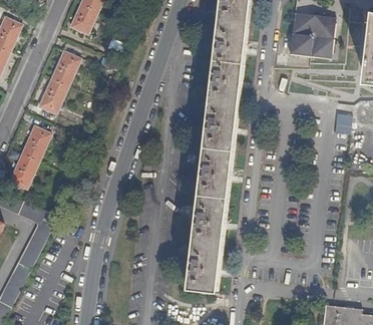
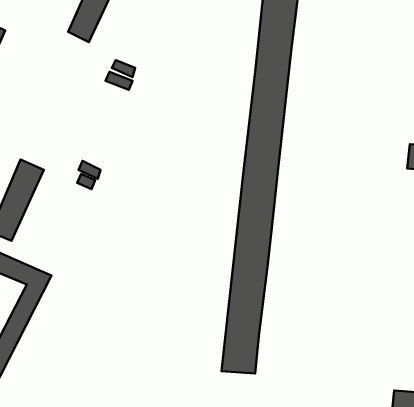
building: [289,13,334,59] -> none
building: [37,51,79,113] -> none

